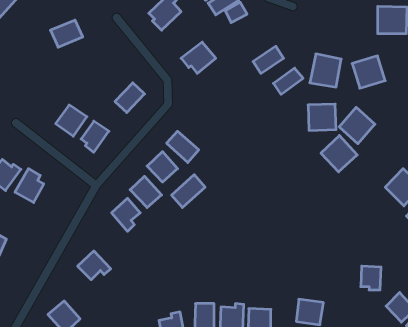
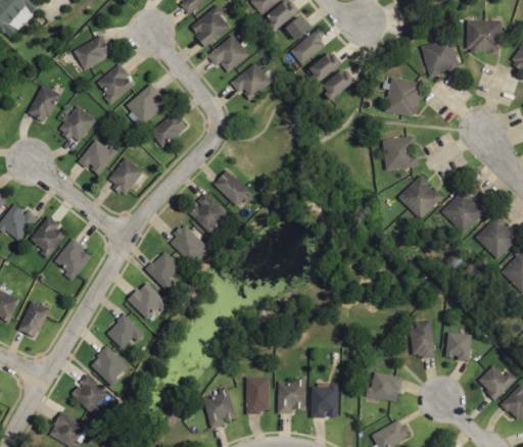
building: none -> [290,29,328,65]
building: none -> [207,34,250,71]
building: none -> [96,64,136,103]
building: [352,56,385,88] -> [420,38,460,77]
building: none -> [124,83,168,126]
building: none -> [27,84,60,122]
building: [273,68,303,94] -> [306,50,342,82]
building: none -> [57,105,96,141]
building: [339,107,375,144] -> [441,190,484,234]
building: [172,175,205,208] -> none
building: none -> [55,239,92,280]
building: none -> [128,281,167,319]
building: none -> [19,300,49,338]
building: none -> [412,320,434,356]
building: none -> [89,345,129,385]

